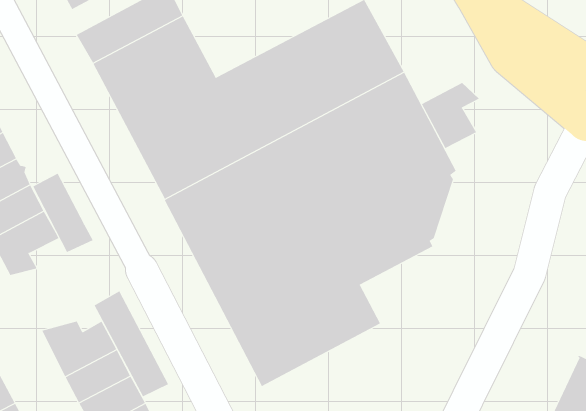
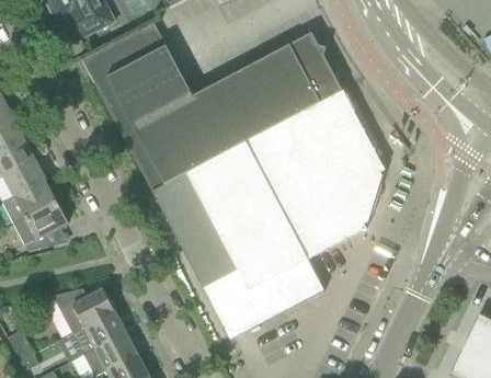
building: [421,82,480,149] -> none
building: [33,173,94,253] -> none
building: [94,291,169,397] -> none

